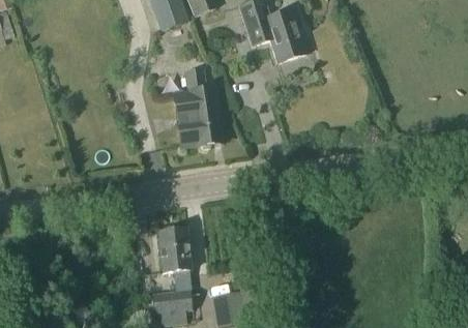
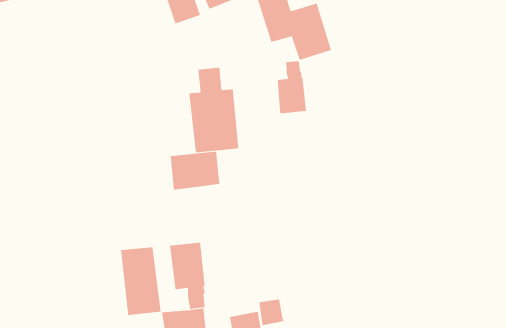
building: none -> [277,60,306,114]
building: none -> [170,151,220,190]
building: none -> [121,247,161,316]

